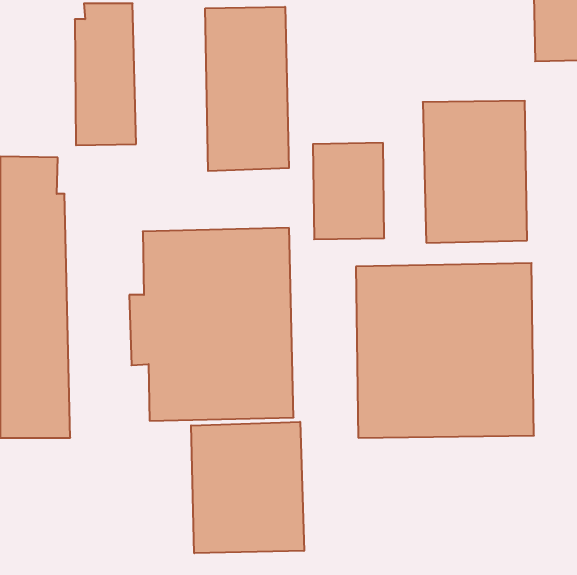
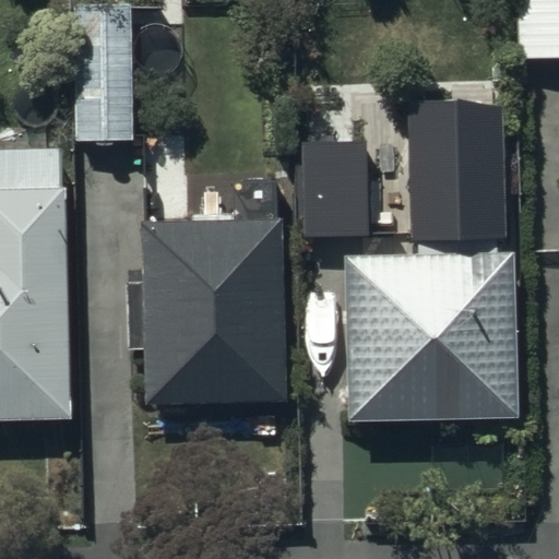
building: [205,7,289,171] -> none
building: [191,422,304,553] -> none

